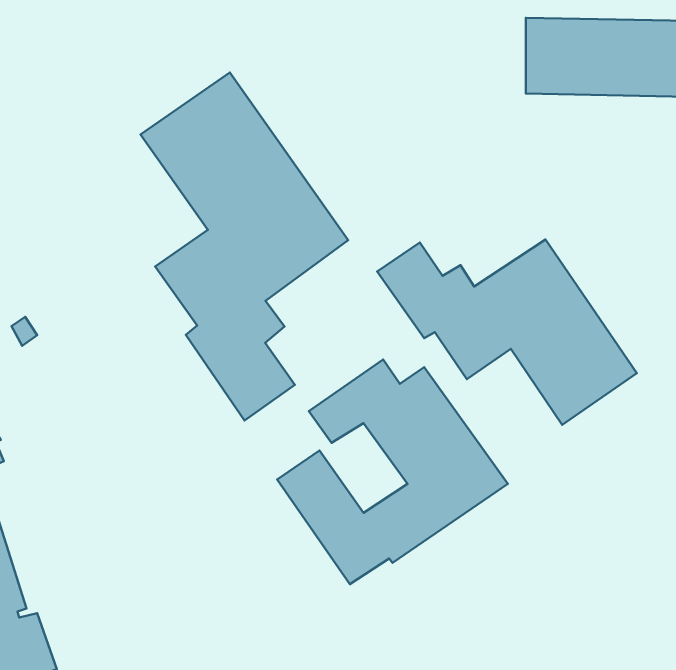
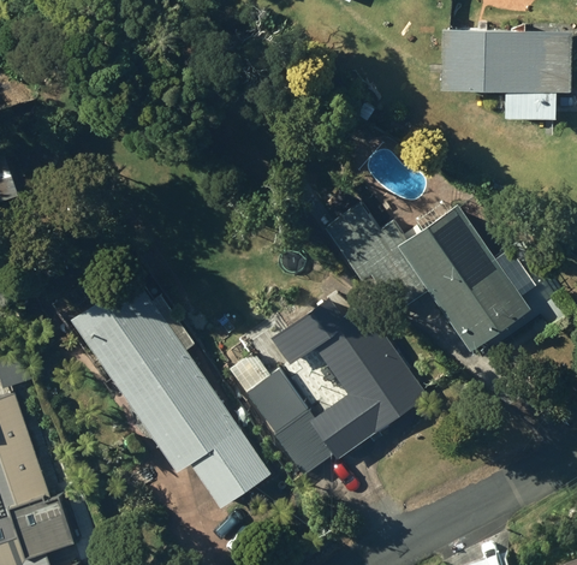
building: [140,73,348,420] -> none
building: none -> [71,278,270,511]

